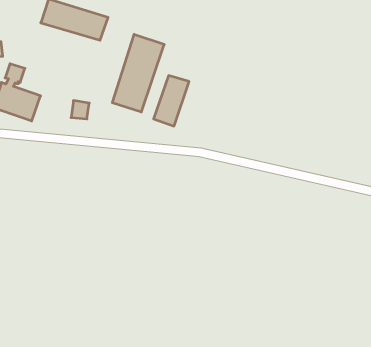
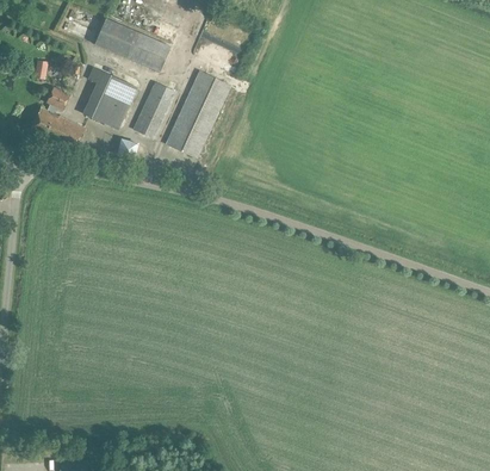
building: none -> [82,67,137,130]
building: [154,76,189,126] -> [131,81,176,140]

